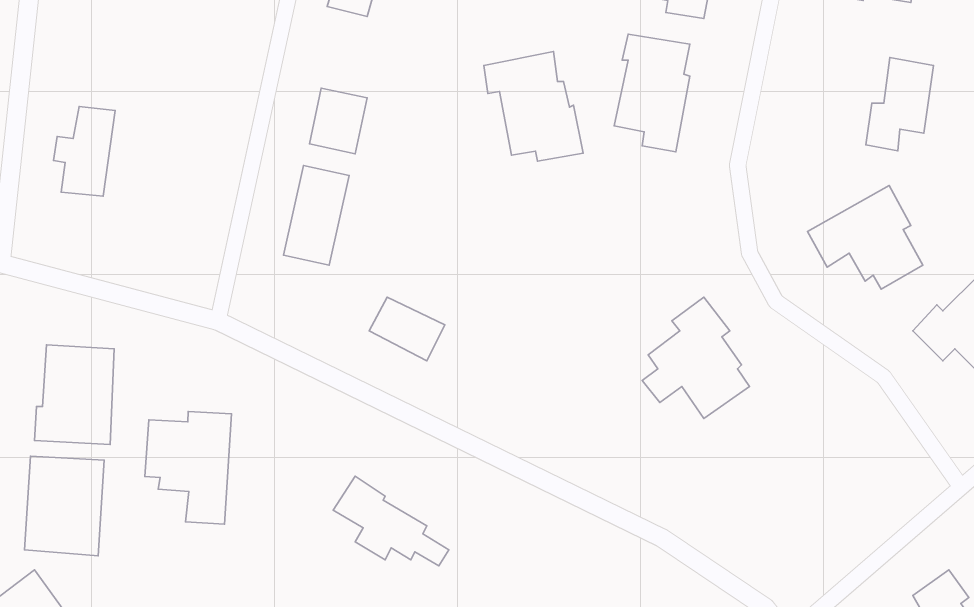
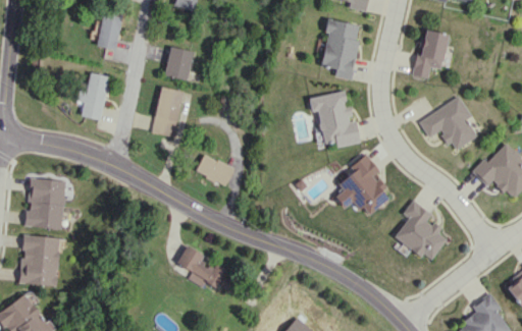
building: none -> [97,9,123,50]
building: [484,52,583,161] -> [309,91,360,147]
building: [866,57,934,151] -> [413,31,448,78]
building: [53,107,115,196] -> [76,73,108,119]
building: none -> [395,200,447,262]
building: [145,411,232,524] -> none

